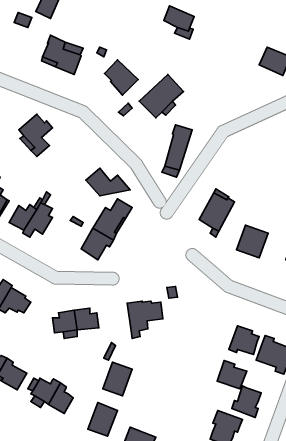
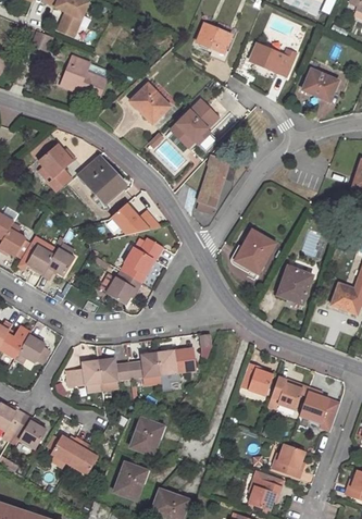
building: none -> [250,44,295,75]
building: none -> [75,155,126,203]
building: none -> [133,353,161,385]
building: [217,360,247,389] -> [240,363,273,395]

